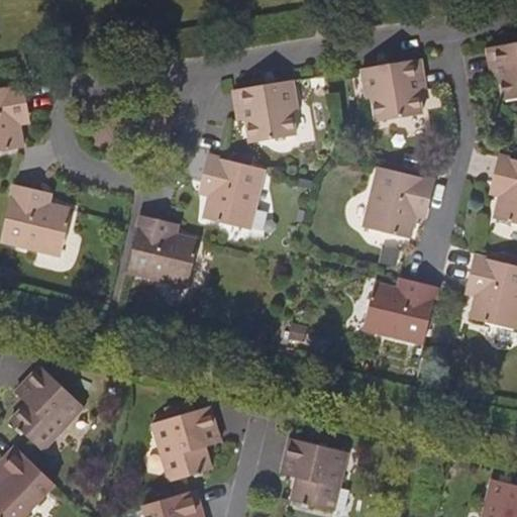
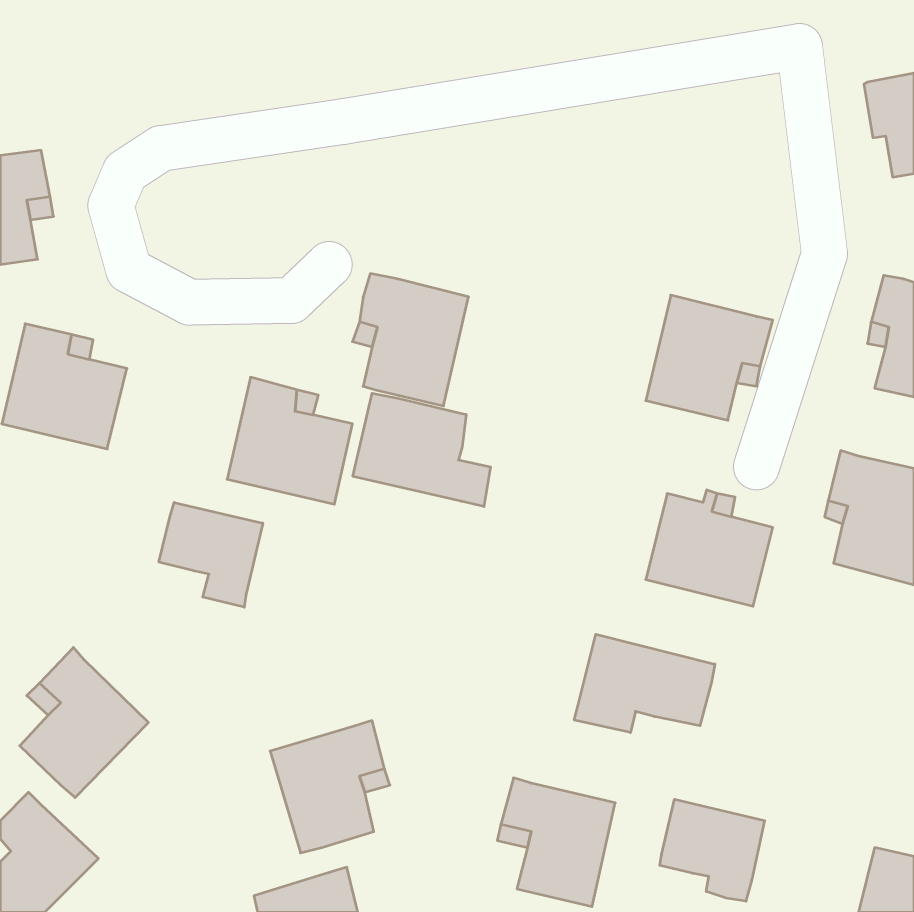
building: [359,59,425,122] -> none
building: [234,81,298,143] -> none
building: none -> [353,393,491,507]
building: none -> [159,502,263,607]
building: none -> [574,634,715,733]
building: none -> [660,799,765,901]

